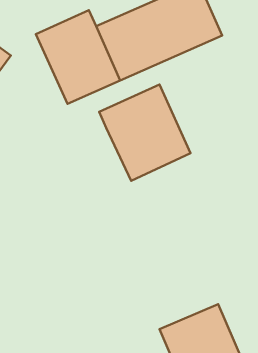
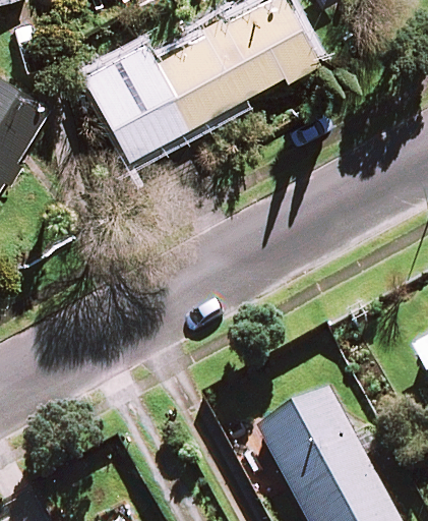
building: [99,84,191,181] -> none

